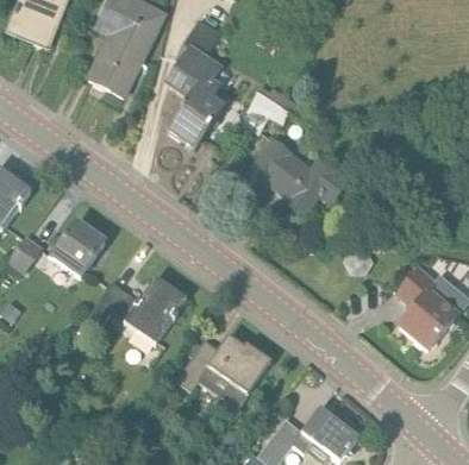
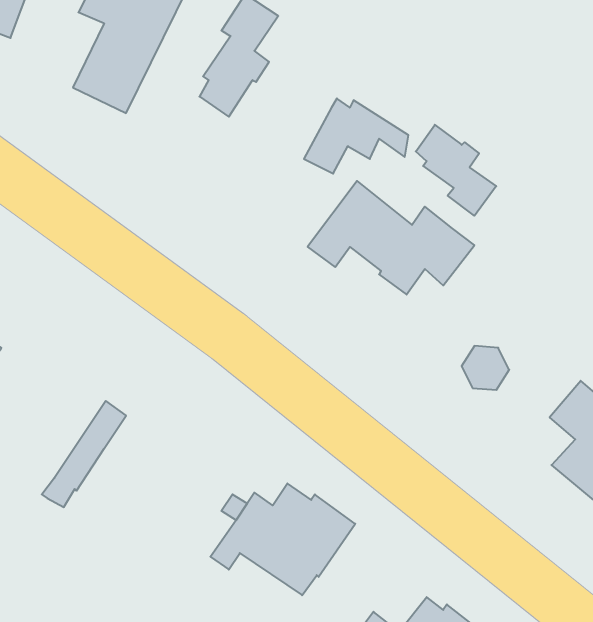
building: [168,73,225,147] -> none
building: none -> [416,125,496,216]
building: [48,220,106,278] -> none
building: [124,275,188,344] -> none

